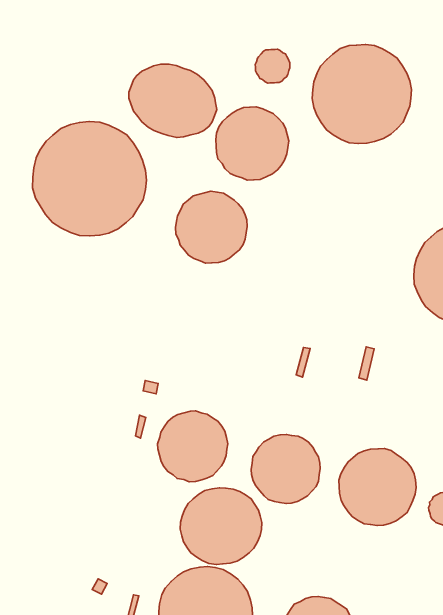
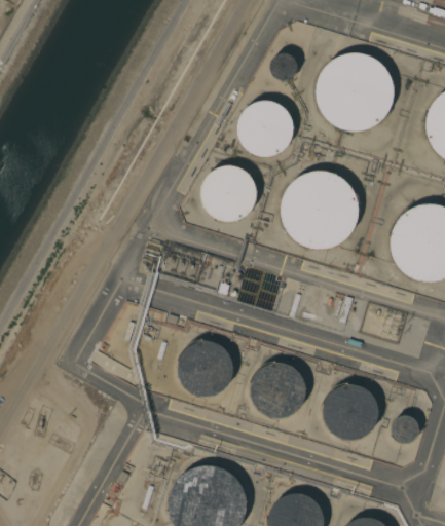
building: [129,64,217,138] -> none
building: [32,122,146,236] -> none
building: none -> [282,173,360,251]
building: [180,488,262,565] -> none

